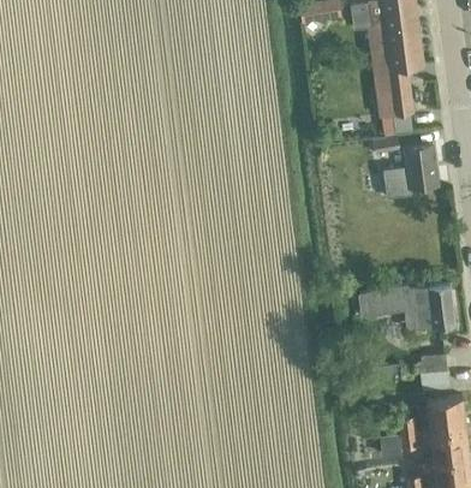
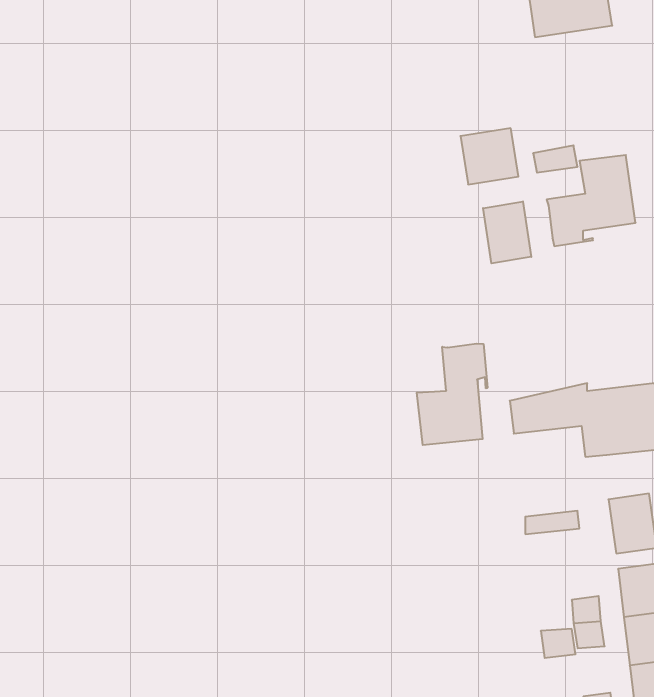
building: [377,83,413,118] -> [460,128,518,184]
building: none -> [483,201,531,263]
building: none -> [417,344,487,445]

